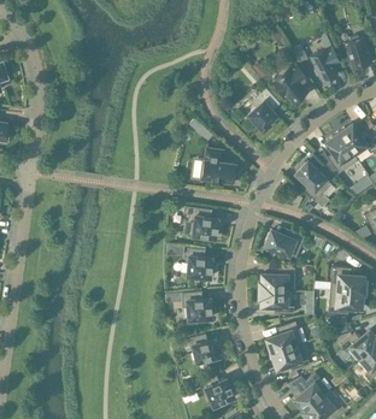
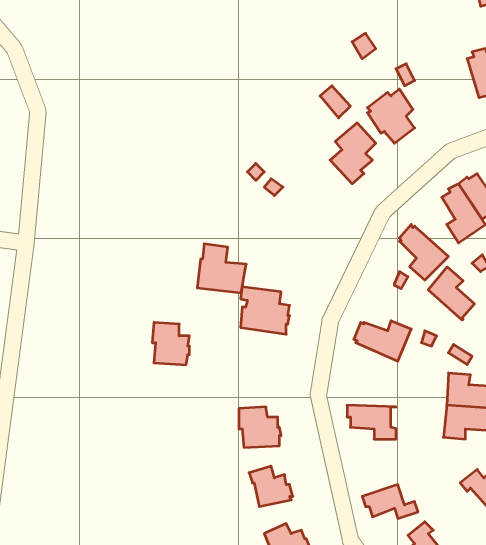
building: [310,48,340,83] -> none
building: [201,149,236,184] -> [197,244,246,293]
building: none -> [428,267,474,320]
building: [186,248,212,278] -> [152,322,189,365]
building: [259,267,294,291] -> none
building: [266,321,302,355] -> none

